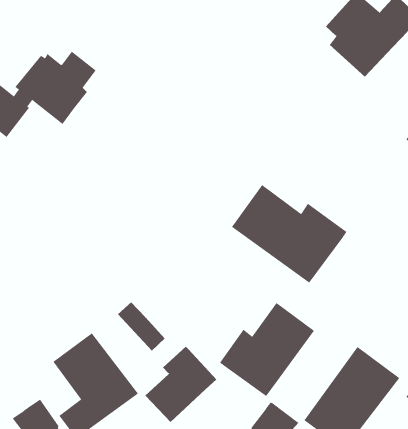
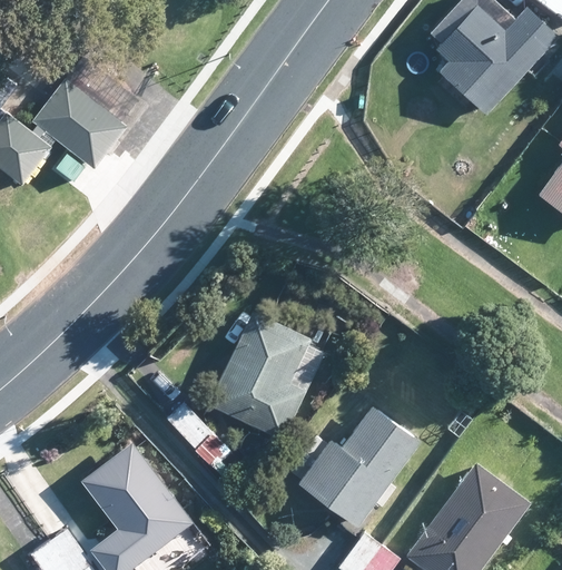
building: [231,184,347,284] -> none
building: none -> [208,309,325,439]
building: [145,346,217,423] -> none

